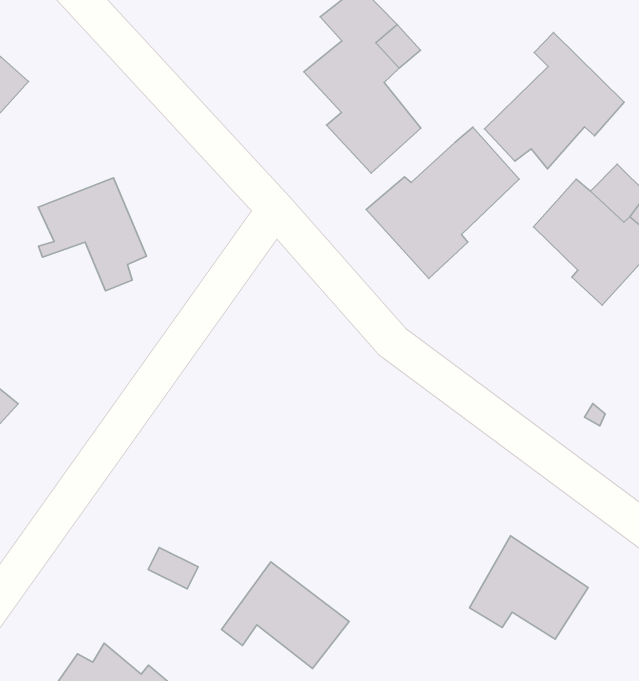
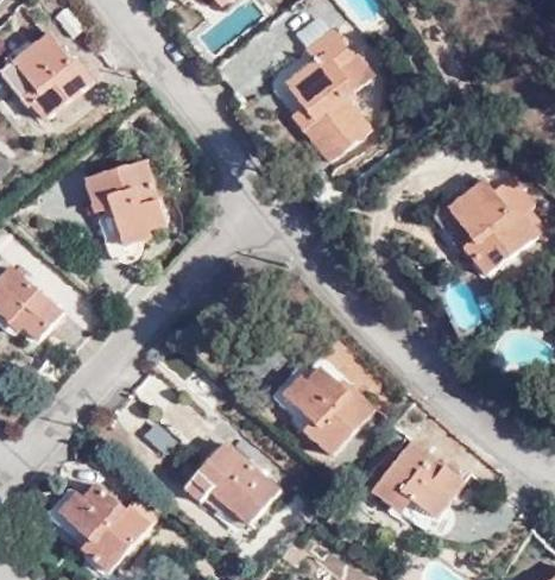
building: [484,32,624,169] -> none
building: [366,127,519,278] -> none
building: none -> [294,377,383,459]

